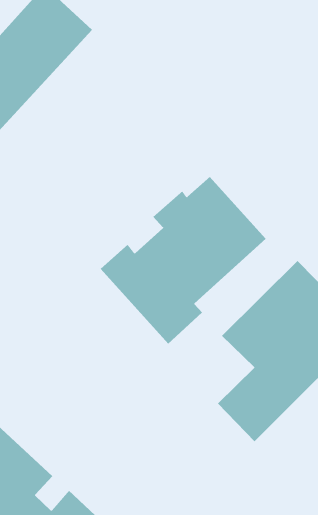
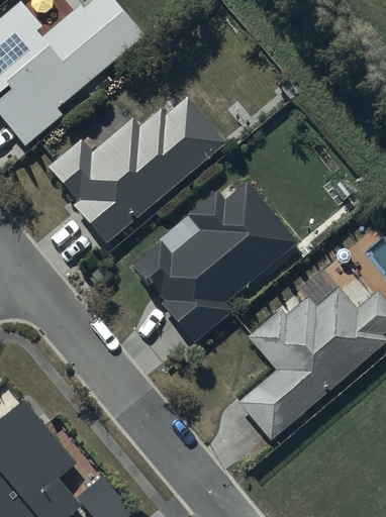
building: none -> [50,95,225,241]

